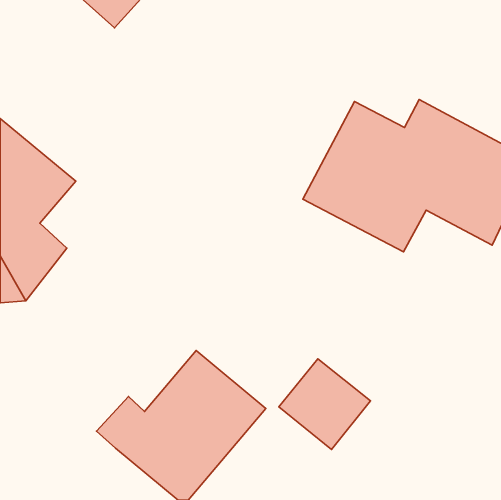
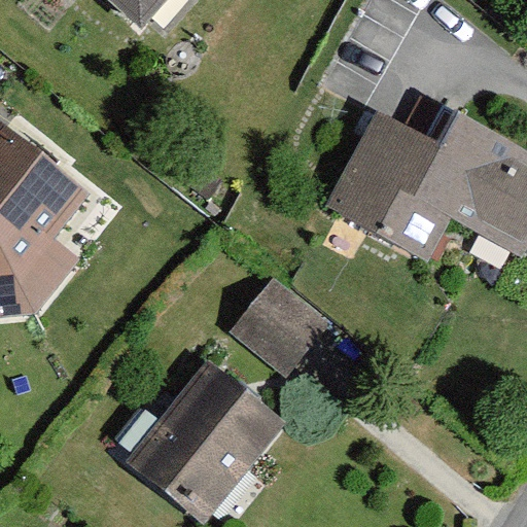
building: [279,359,370,450] -> [237,288,331,382]

